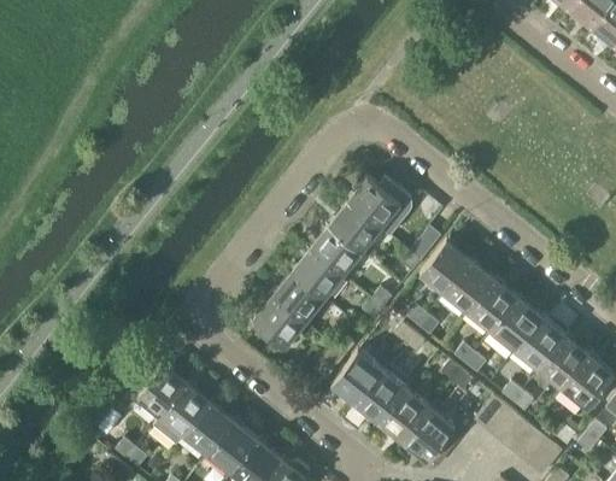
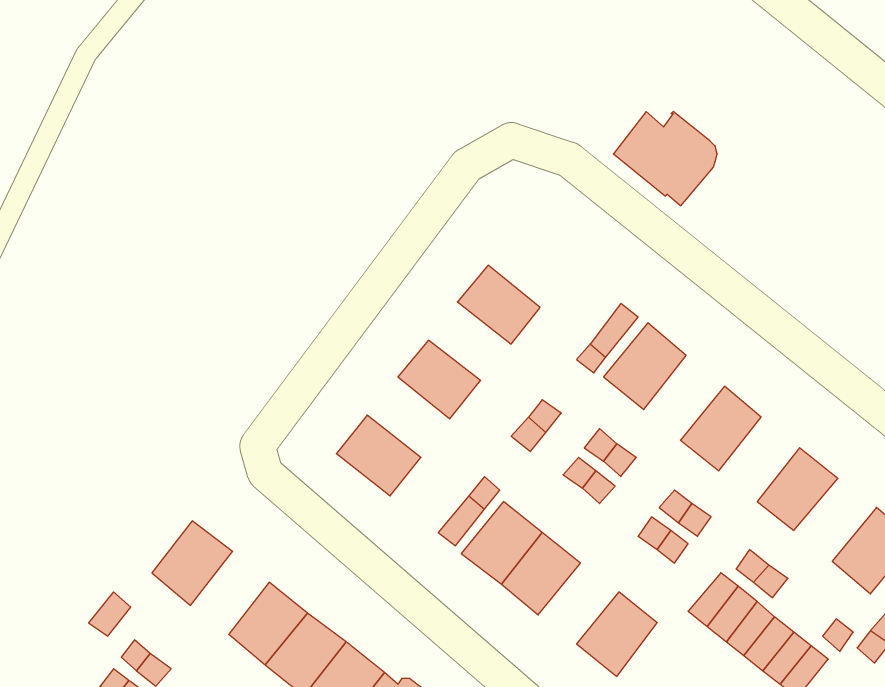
building: [347,177,412,236] -> [613,112,717,206]
building: [310,227,362,276] -> none
building: [445,260,495,313] -> none
building: [271,274,323,324] -> none
building: [492,299,542,352] -> none
building: [539,338,591,389] -> none
building: [153,383,210,445] -> none
building: [379,391,429,441] -> none

